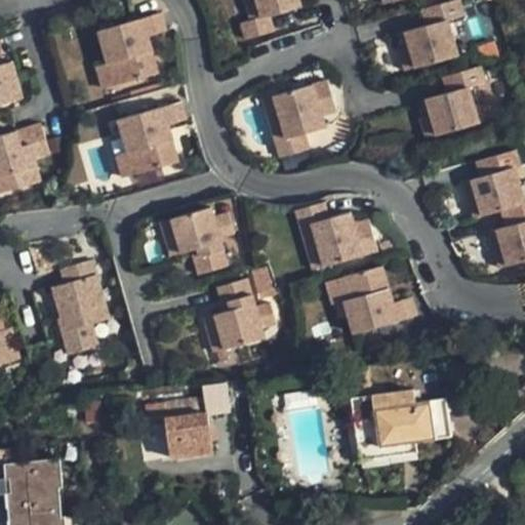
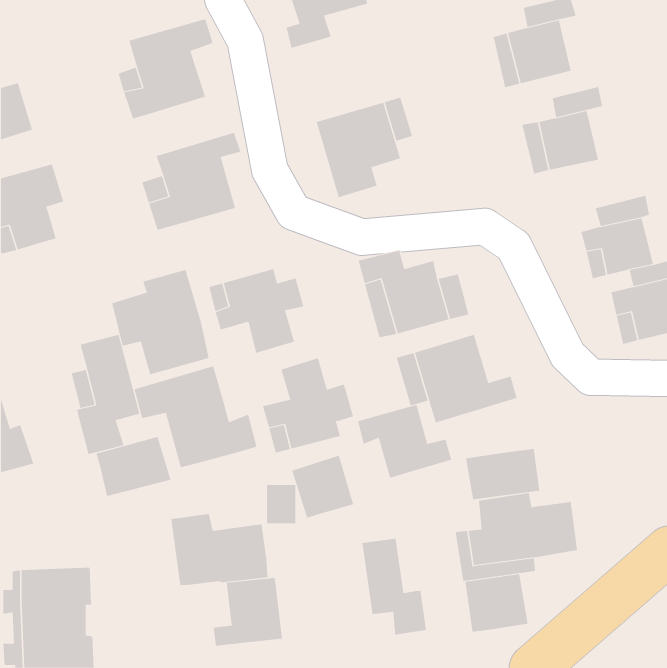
building: none -> [111,269,209,375]
building: none -> [134,365,257,468]
building: none -> [357,404,452,479]
building: none -> [96,436,171,497]
building: none -> [466,448,540,500]
building: none -> [292,455,354,518]
building: none -> [362,538,426,635]
building: none -> [465,573,528,633]
building: none -> [213,577,282,647]

